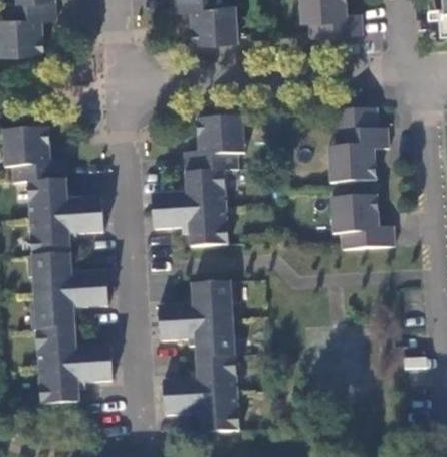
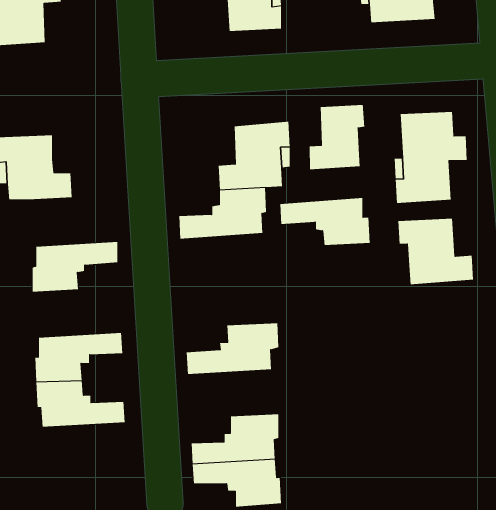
building: none -> [309,104,365,170]
building: [29,179,102,219] -> none
building: [153,208,227,247] -> [279,198,370,246]
building: [32,254,105,293] -> none
building: [159,319,237,358] -> none
building: [37,363,109,404] -> none

